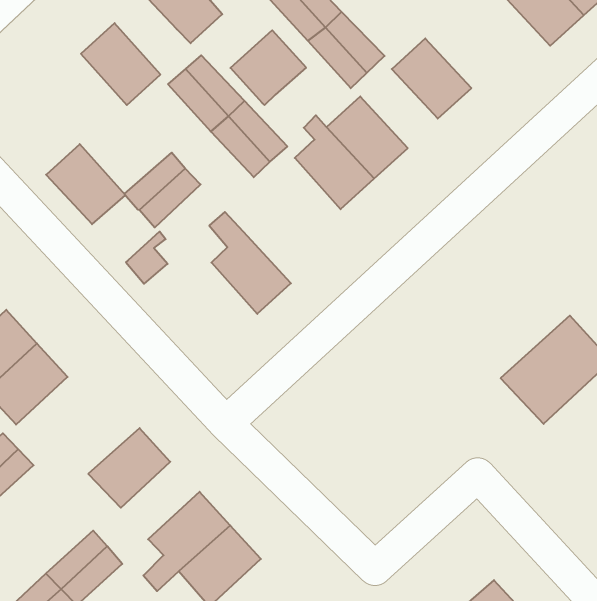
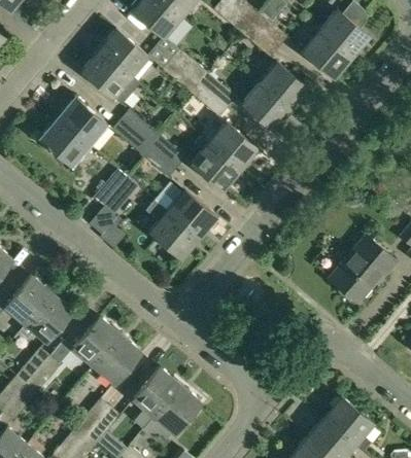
building: none -> [260,63,308,109]
building: [230,30,306,105] -> none
building: [46,144,126,224] -> [40,118,89,165]
building: none -> [167,190,216,238]
building: none -> [73,317,121,365]

